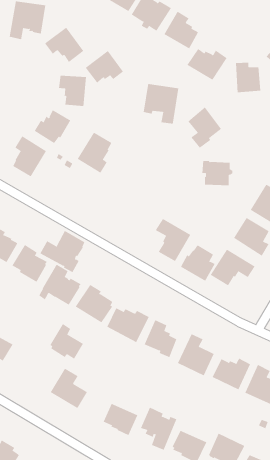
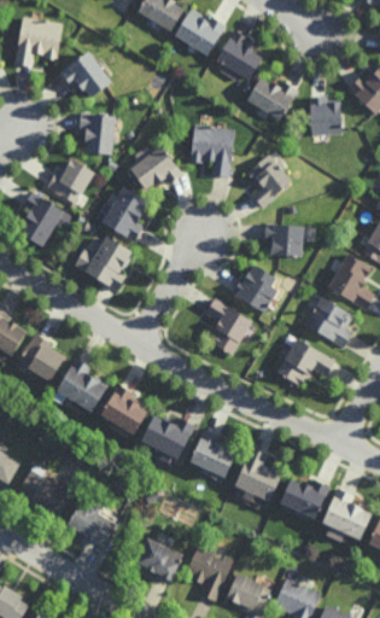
building: [85,50,124,84] -> [131,145,182,188]
building: [39,230,85,273] -> [74,234,133,290]
building: [180,244,216,282] -> [232,264,277,313]
building: [50,323,84,360] -> [19,462,64,509]

